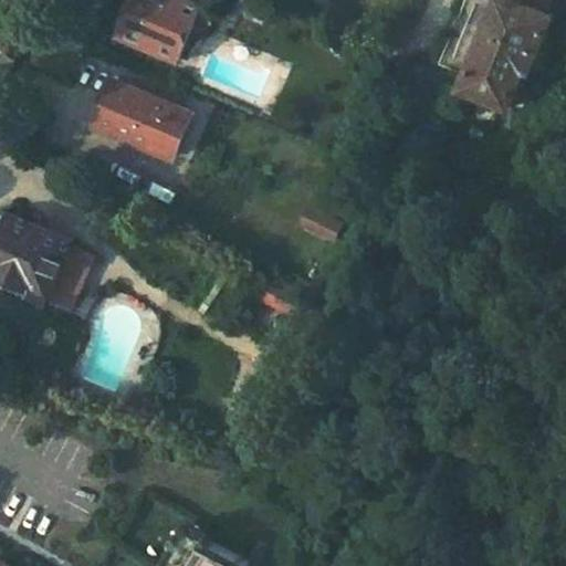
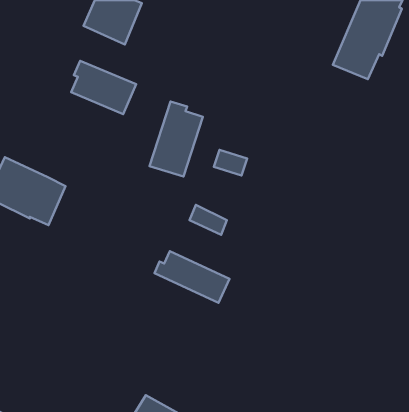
building: none -> [149,101,203,177]
building: none -> [154,251,229,303]

